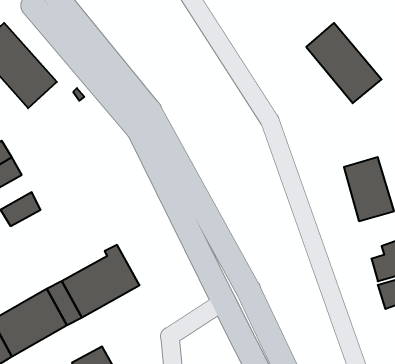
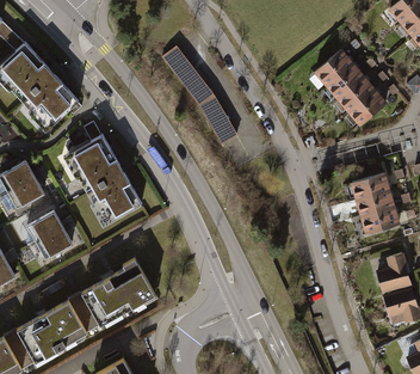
building: none -> [161,45,237,146]
building: none -> [70,145,136,223]
building: none -> [33,225,72,257]

